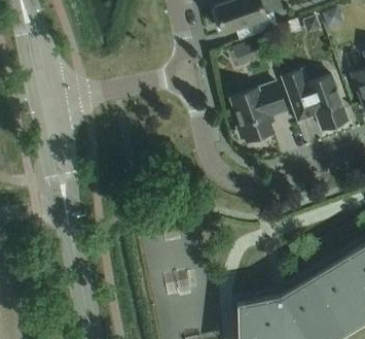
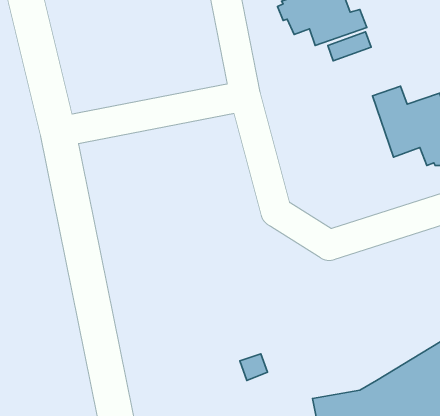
building: [231,83,287,141] -> none

